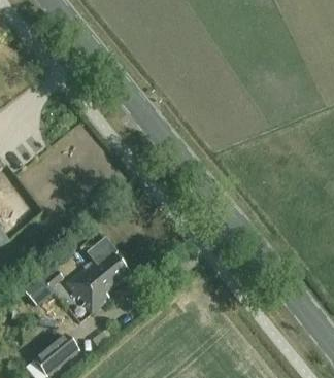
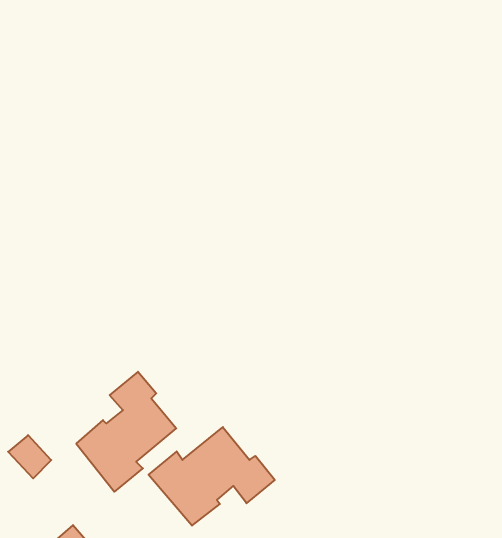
building: none -> [149,427,275,526]

